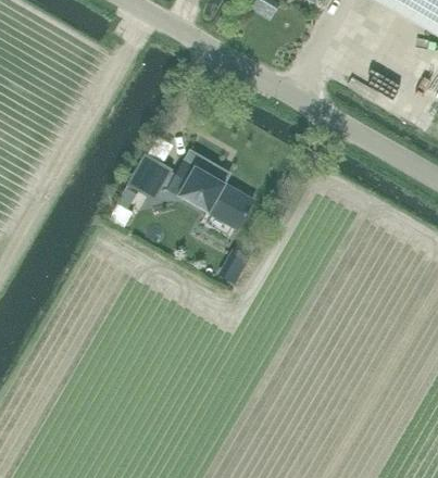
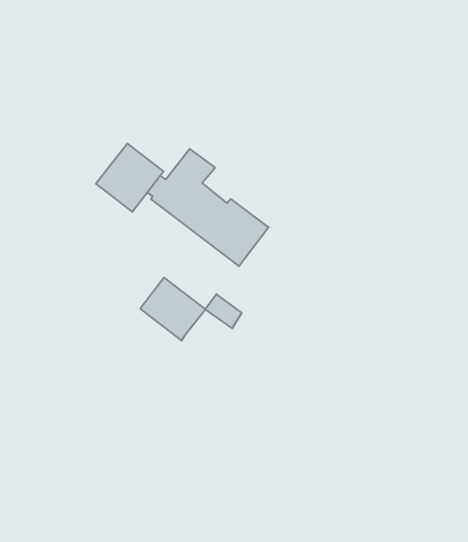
building: none -> [140,278,205,341]

